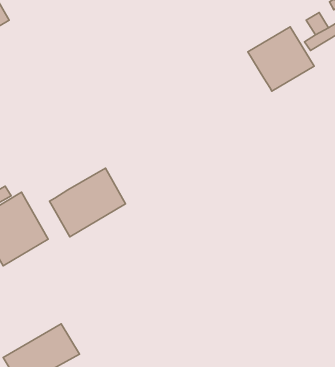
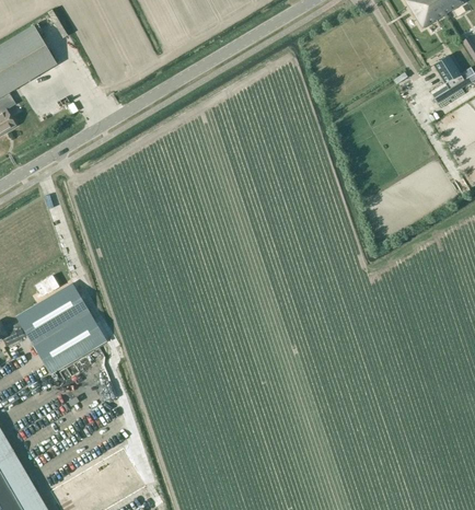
building: [248,27,314,91] -> none
building: [50,168,126,237] -> none

